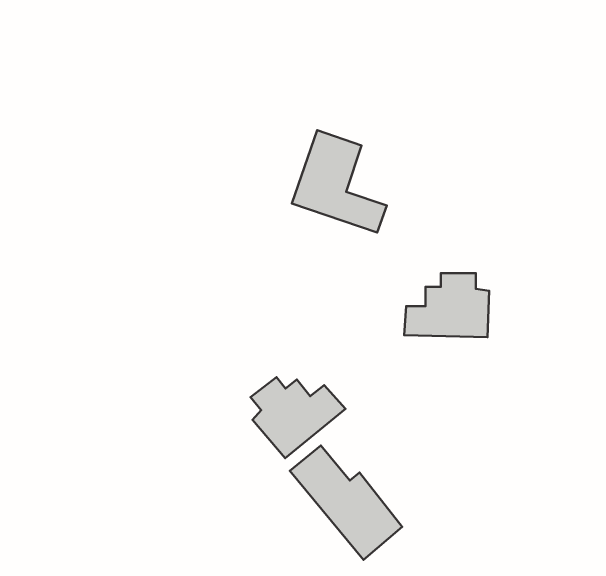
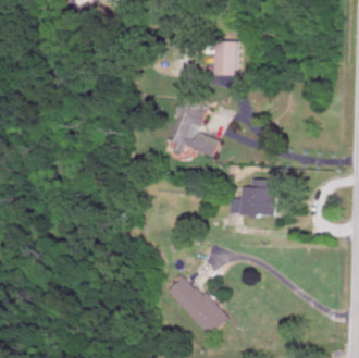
building: none -> [213,40,236,74]
building: [251,377,345,458] -> none

